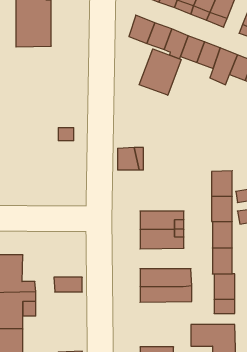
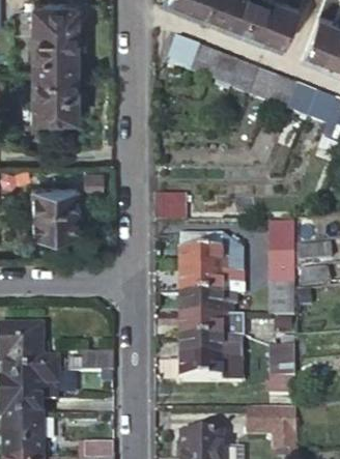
building: none -> [33,75,76,118]
building: [139,49,181,95] -> none
building: none -> [33,187,76,237]
building: none -> [182,237,235,274]
building: none -> [182,318,246,343]

